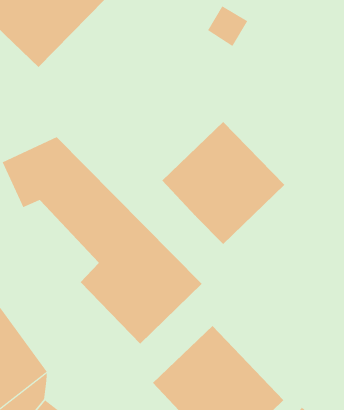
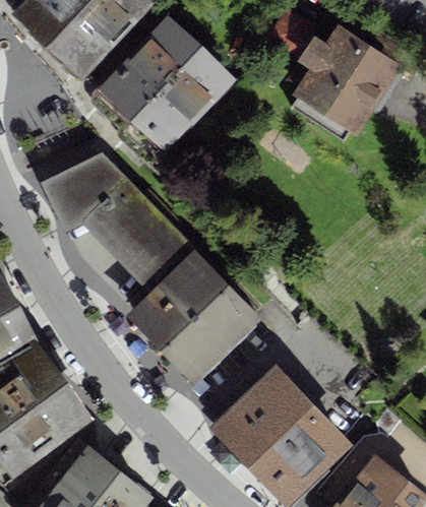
building: none -> [98,14,235,151]
building: none -> [293,24,399,134]
building: [161,121,285,245] -> none

